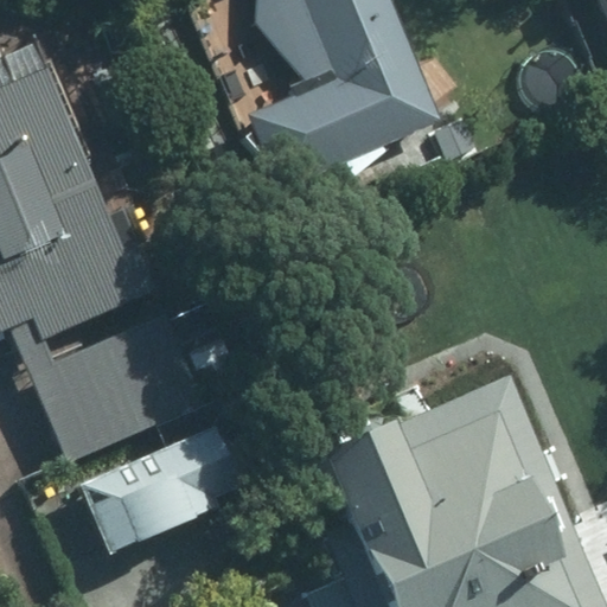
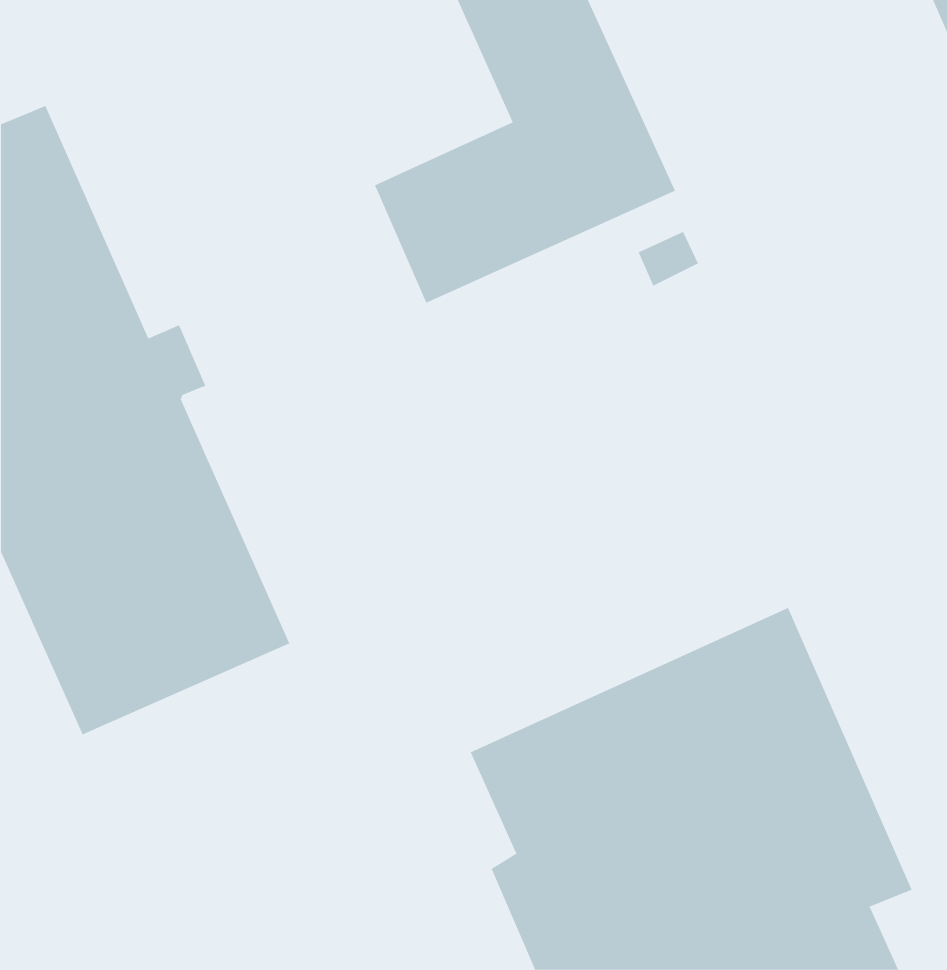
building: [66,424,235,557] -> none

